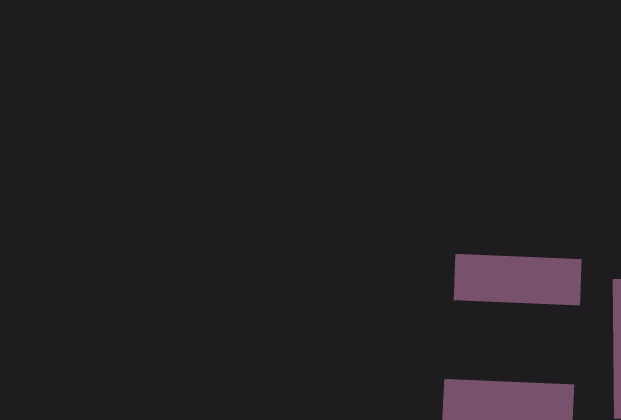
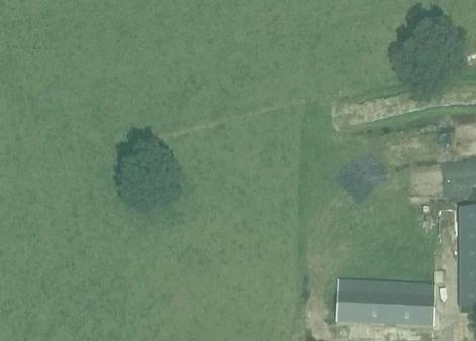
building: [453,253,582,306] -> none

